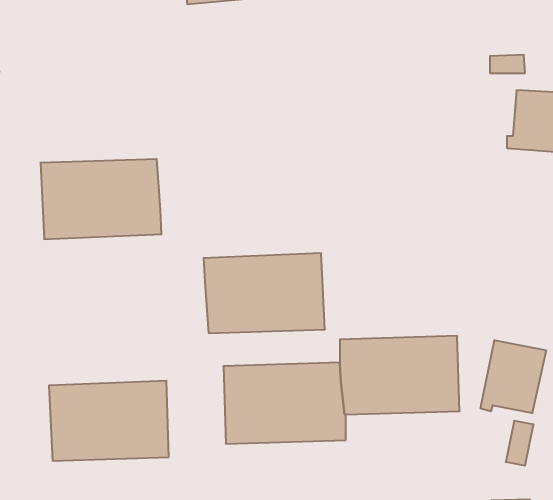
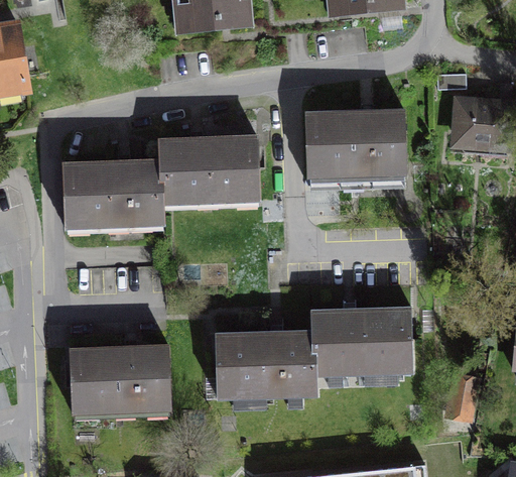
building: none -> [305,111,405,177]
building: [204,253,325,333] -> [158,137,259,204]
building: [480,340,546,413] -> none

